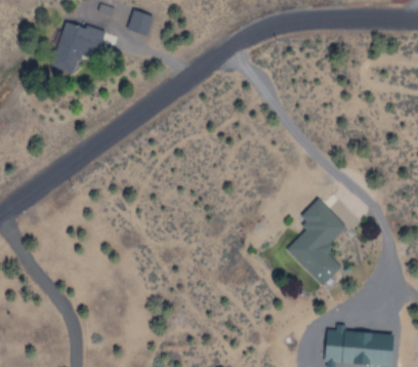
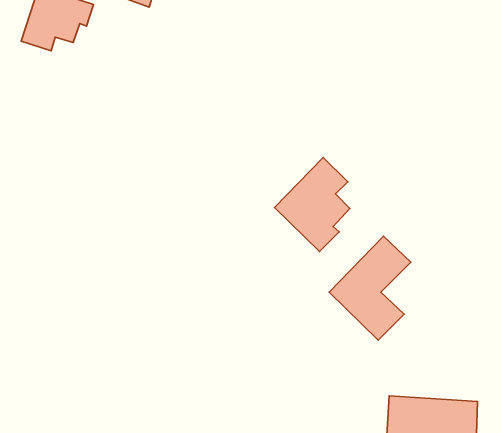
building: none -> [275,157,350,251]

